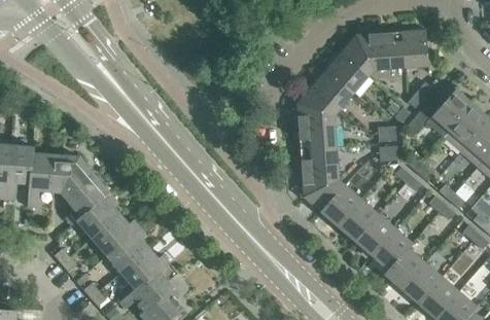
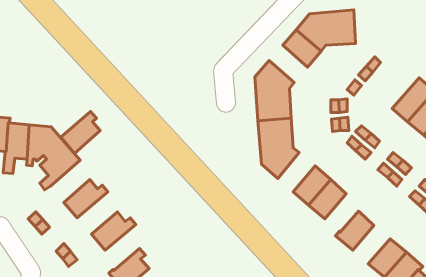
building: [402,31,428,68] -> none
building: [312,70,353,110] -> none
building: [407,90,472,138] -> none
building: [321,185,361,227] -> none
building: [77,193,119,239] -> [61,111,100,154]
building: [106,227,149,273] -> none
building: [372,229,413,271] -> none
building: [119,262,178,312] -> none
building: [401,263,442,305] -> none

